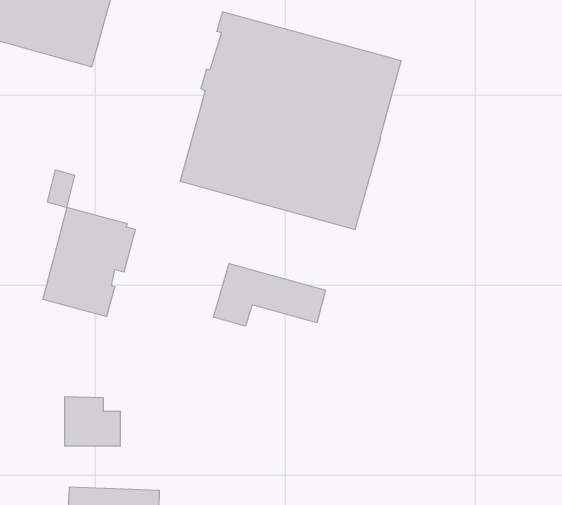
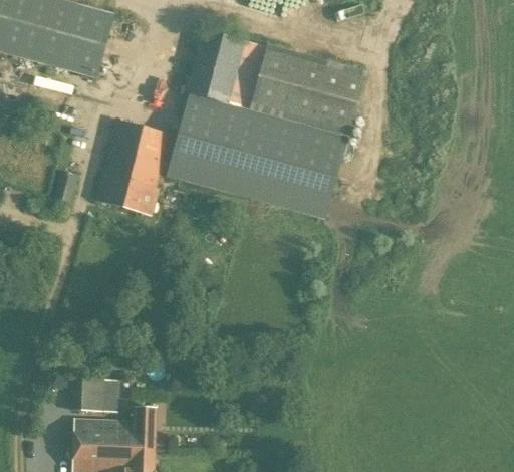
building: [43,208,135,316] -> [96,120,178,215]
building: [214,263,326,326] -> none
building: none -> [75,409,157,449]

